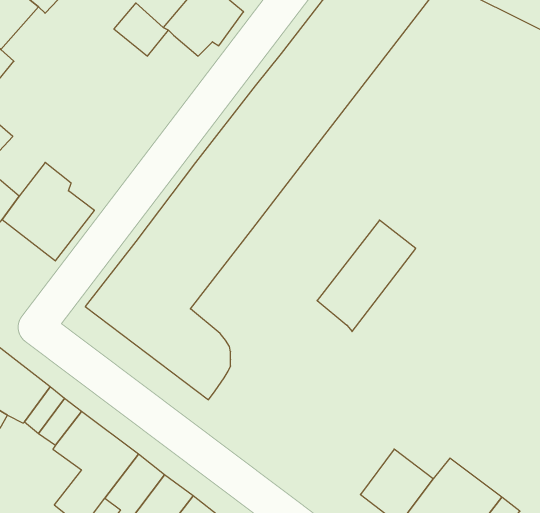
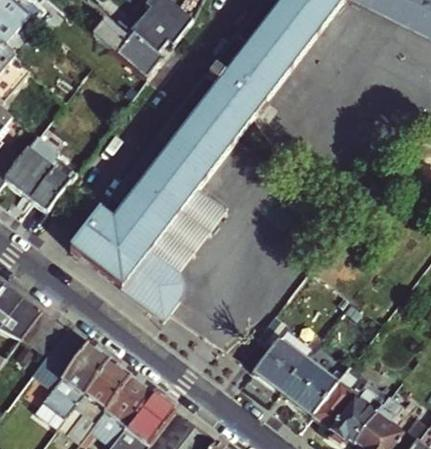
building: none -> [118,35,163,80]
building: [317,220,416,332] -> [151,188,227,274]
building: none -> [253,316,308,393]

